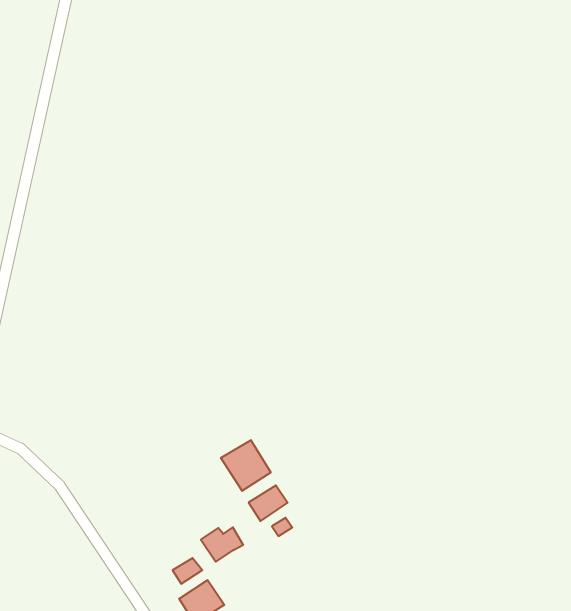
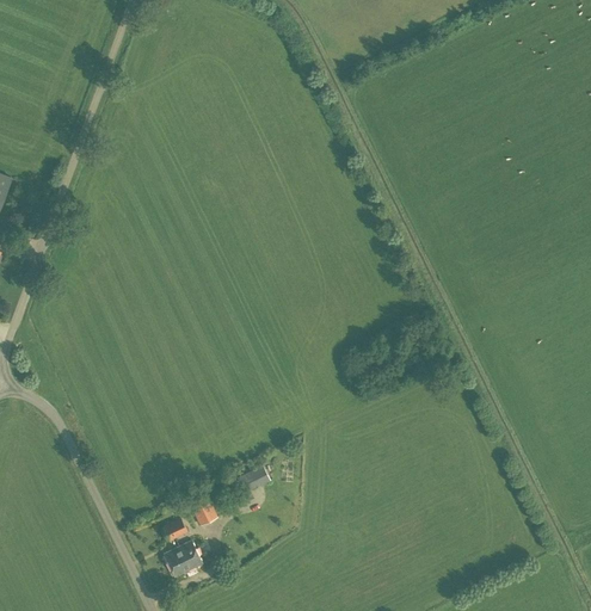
building: [221,440,271,491] -> none

